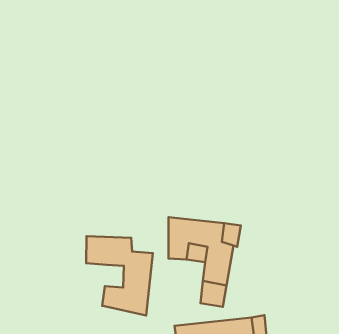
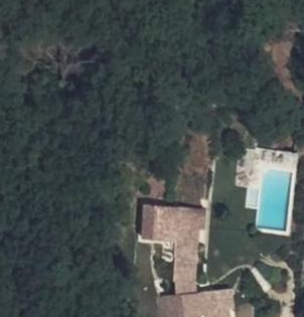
building: [86,236,153,315] -> none

